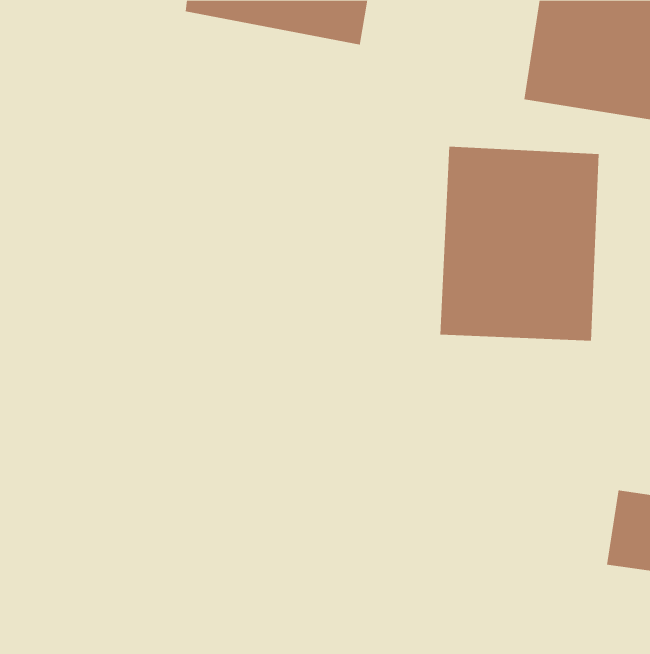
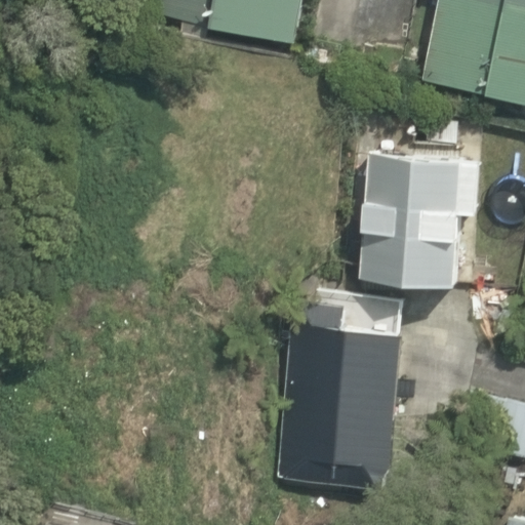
building: none -> [286,314,396,484]

